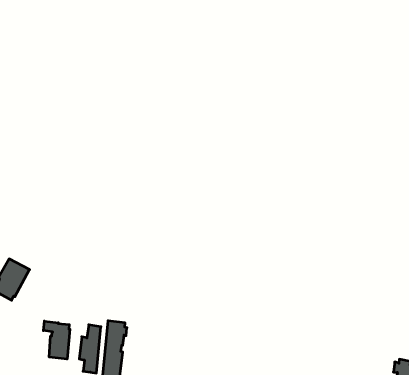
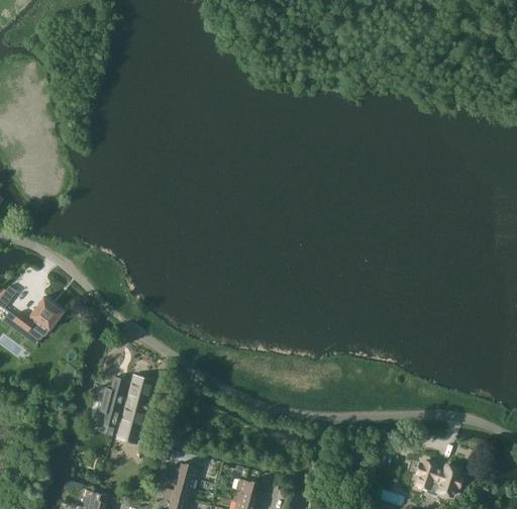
building: [43,321,70,359] -> none

